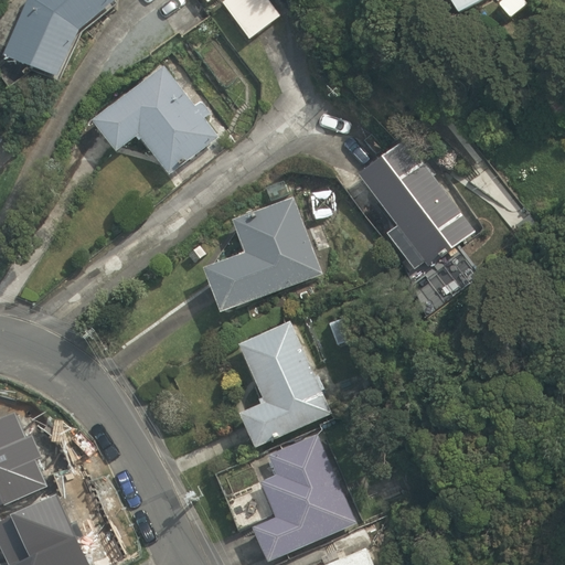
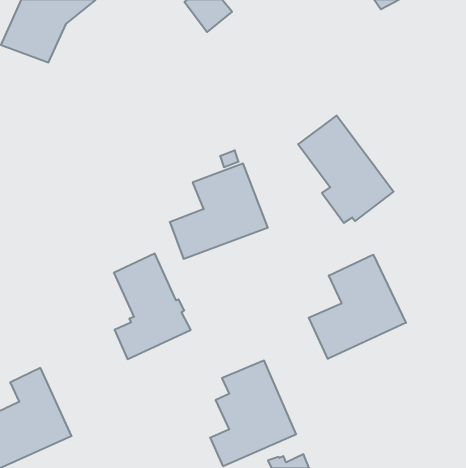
building: [92,65,218,175] -> none
building: none -> [309,255,406,359]
building: [238,320,331,447] -> [114,254,191,359]

